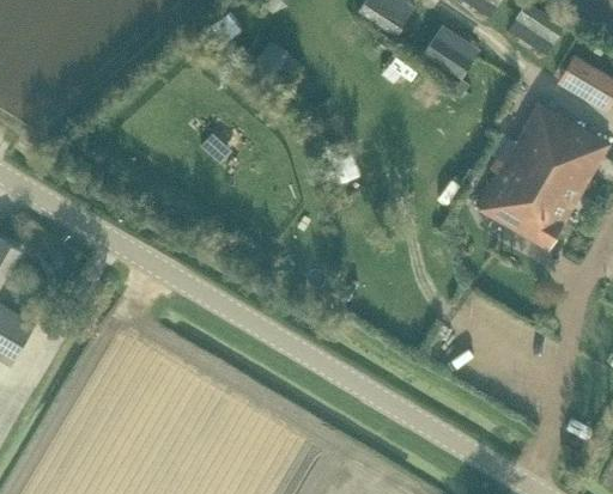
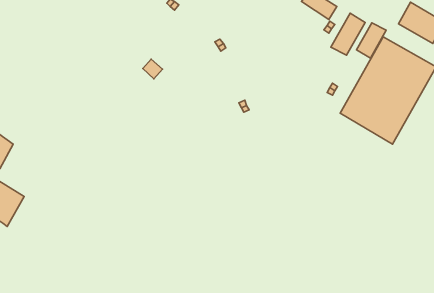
building: none -> [331,13,365,55]
building: none -> [356,23,386,58]

